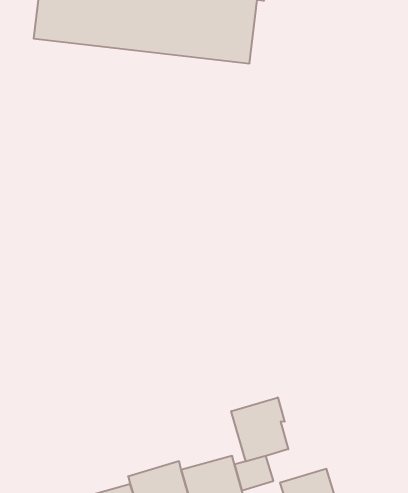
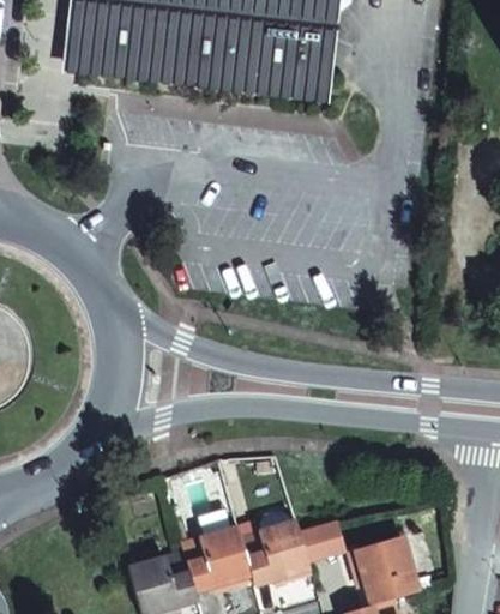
building: [231,397,288,461] -> none

